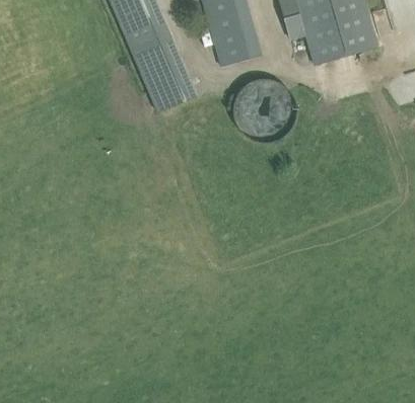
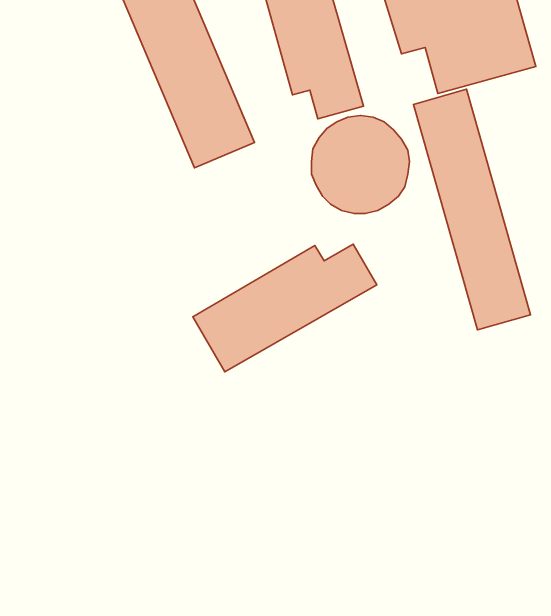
building: none -> [414,89,530,330]
building: none -> [193,244,377,372]

